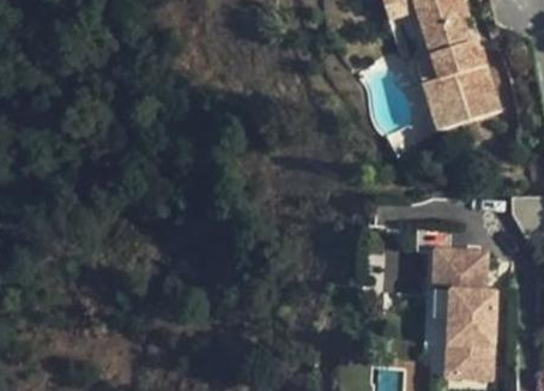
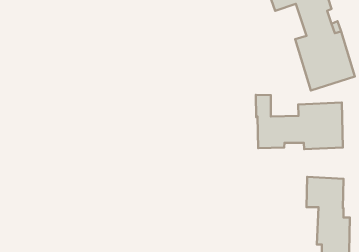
building: none -> [256,95,343,149]

